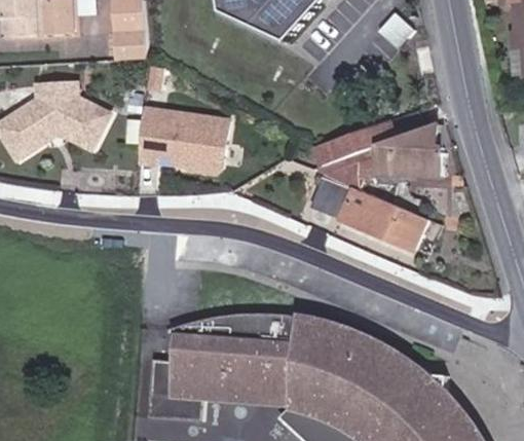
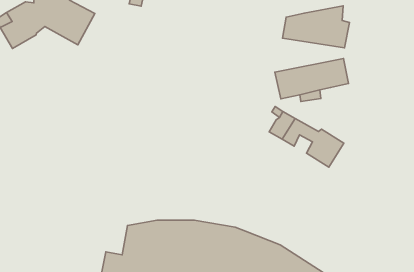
building: [139,106,228,163] -> none
building: [378,131,450,177] -> [282,6,349,48]
building: [388,211,427,252] -> none

